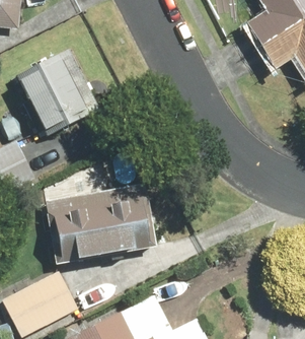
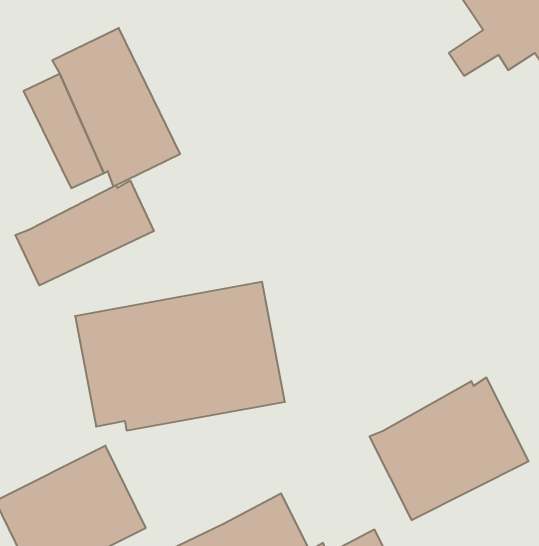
building: none -> [15,181,154,285]
building: none -> [370,377,529,520]

